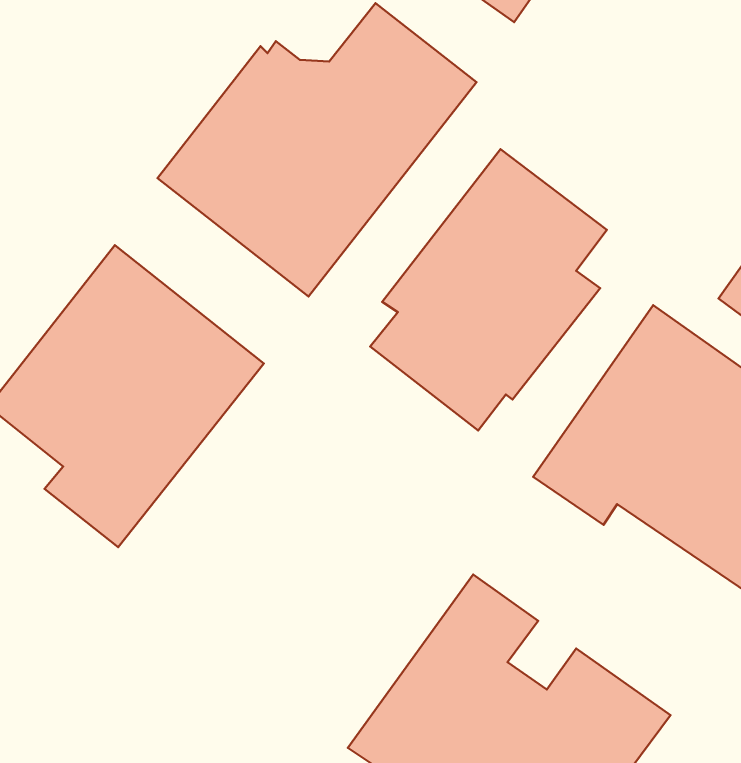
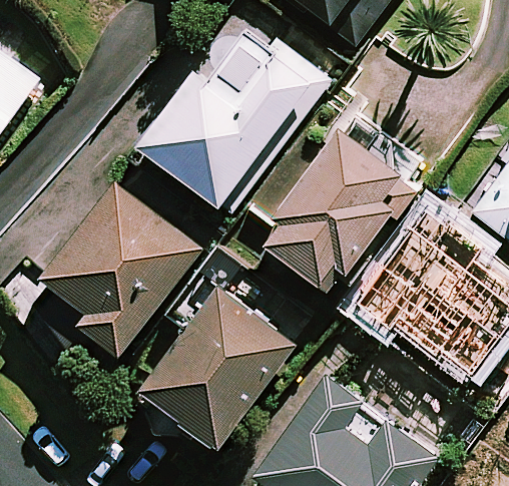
building: none -> [139,286,295,447]

